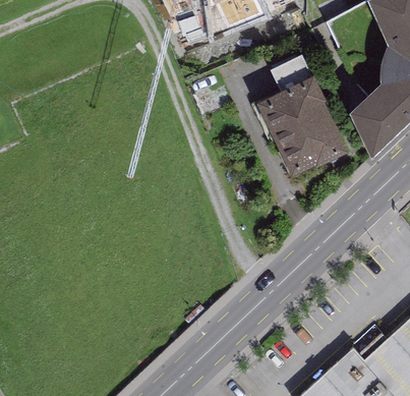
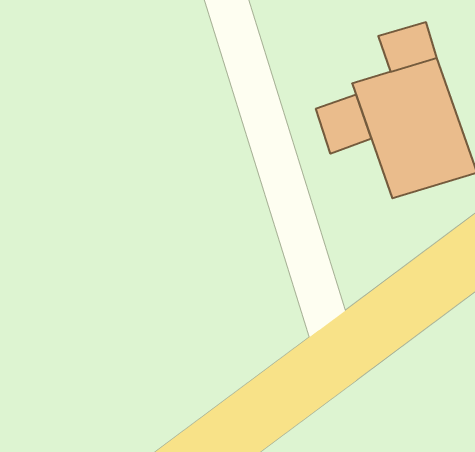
building: none -> [316,95,371,154]

